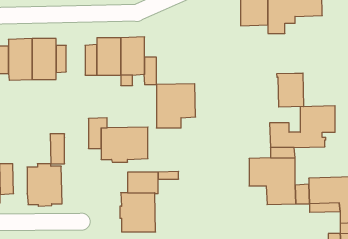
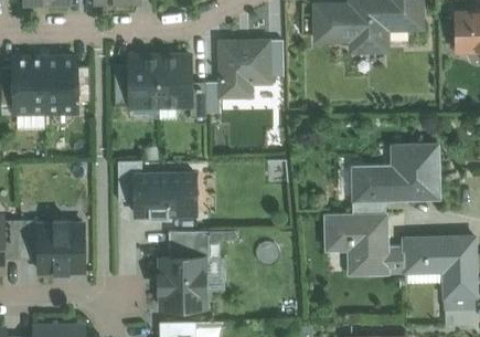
building: [277,73,304,107] -> none
building: [156,84,196,128] -> [220,40,270,97]
building: [50,134,65,164] -> [20,220,39,259]

